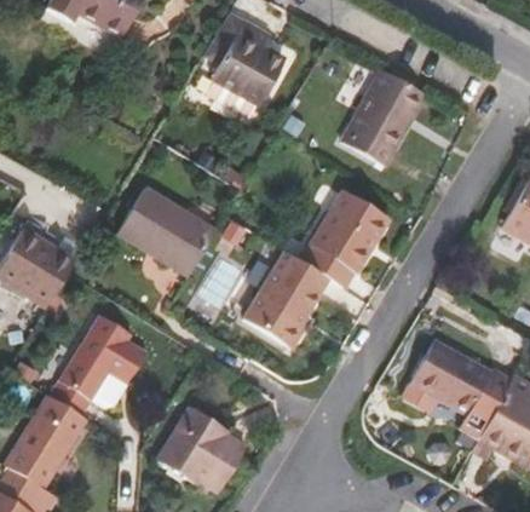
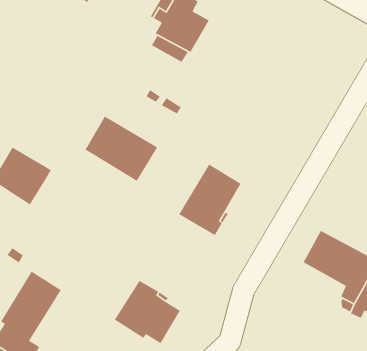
building: [340,69,426,167] -> none
building: [299,190,390,288] -> none
building: [48,313,146,416] -> none

